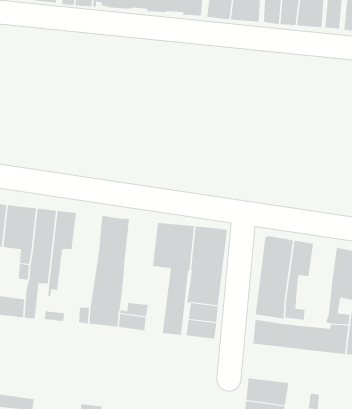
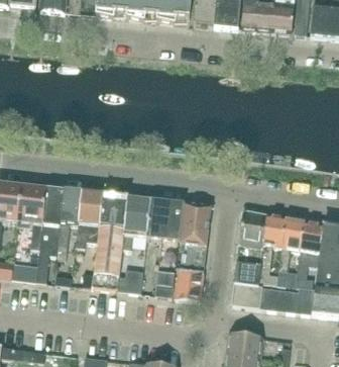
building: none -> [75,191,103,247]
building: none -> [122,196,150,248]
building: none -> [276,217,304,285]

